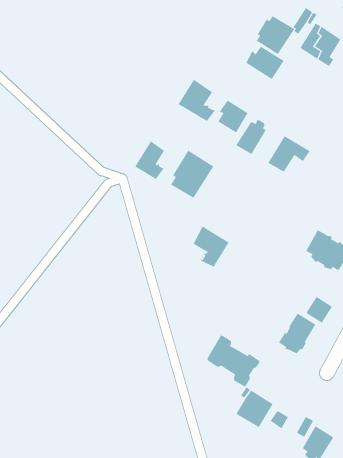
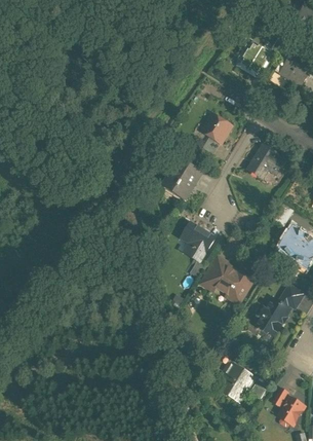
building: [245,46,285,80] -> none
building: [178,79,216,122] -> none
building: [236,119,267,155] -> none
building: [134,140,165,180] -> none
building: [207,335,260,386] -> [205,257,251,301]

